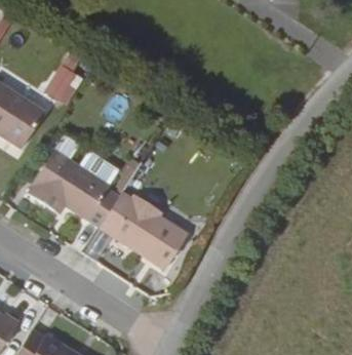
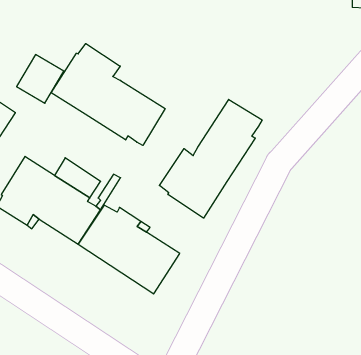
building: none -> [51,44,165,145]
building: none -> [159,99,262,218]

